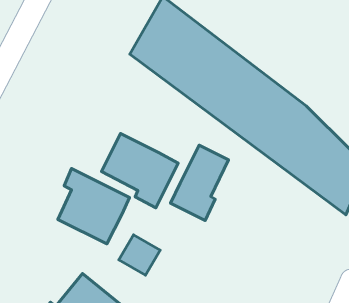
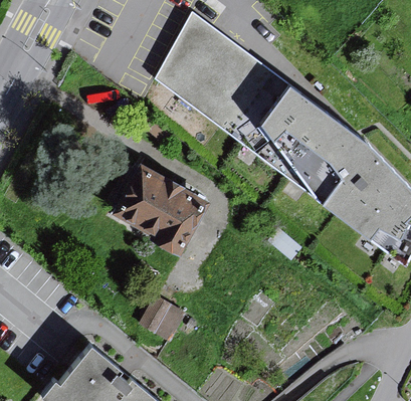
building: [171,145,229,221] -> none
building: [58,169,130,244] -> none

